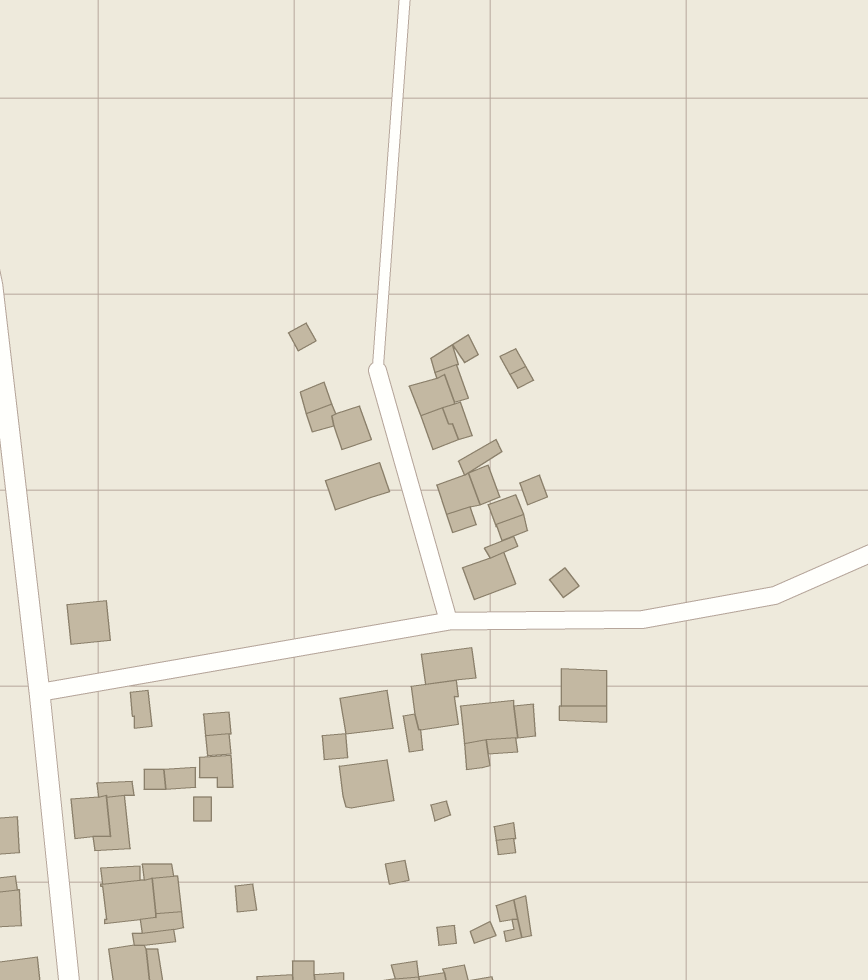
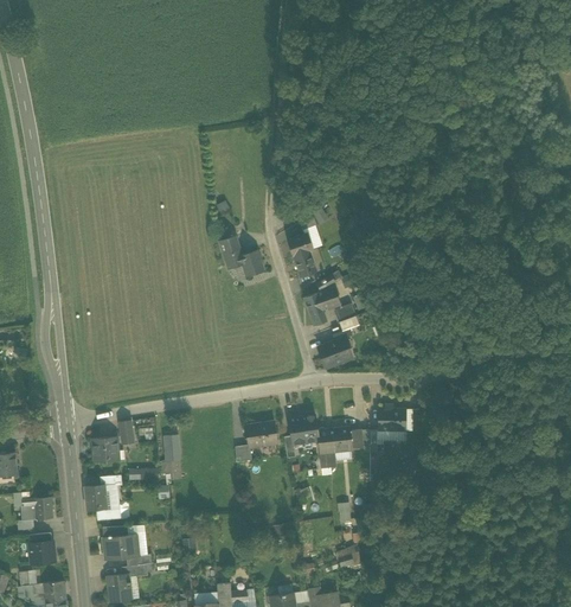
building: [325,463,390,510] -> none
building: [67,601,110,644] -> [92,437,118,464]
building: [422,648,476,685] -> none
building: [339,760,394,808] -> none

